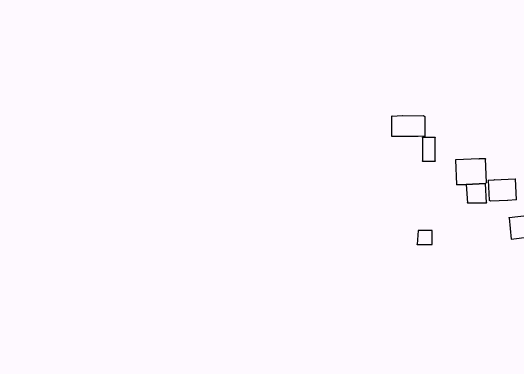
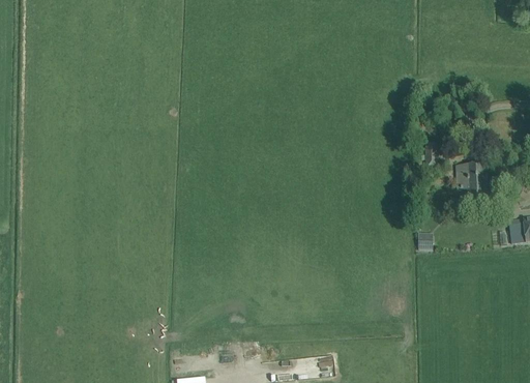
building: [392,116,425,136] -> none
building: [488,179,516,201] -> none

